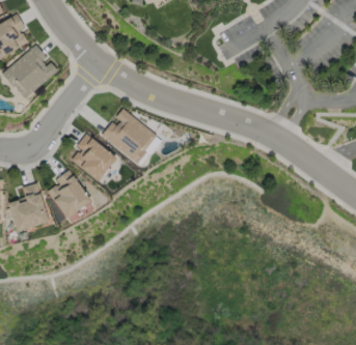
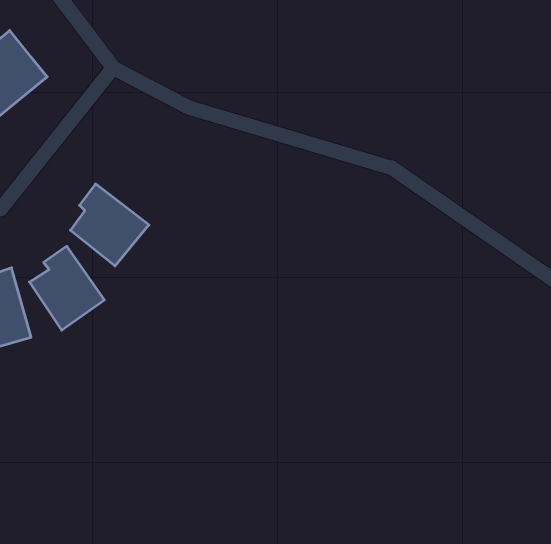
building: [101,109,158,163] -> none

